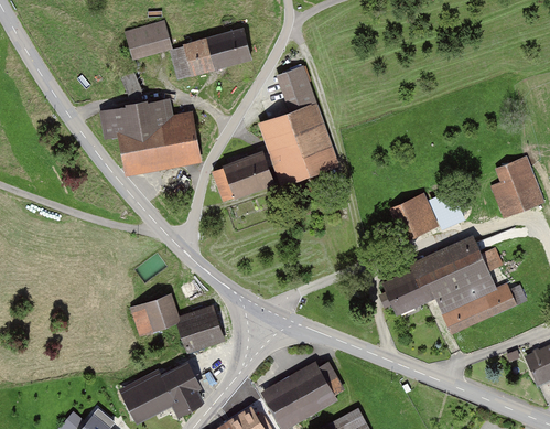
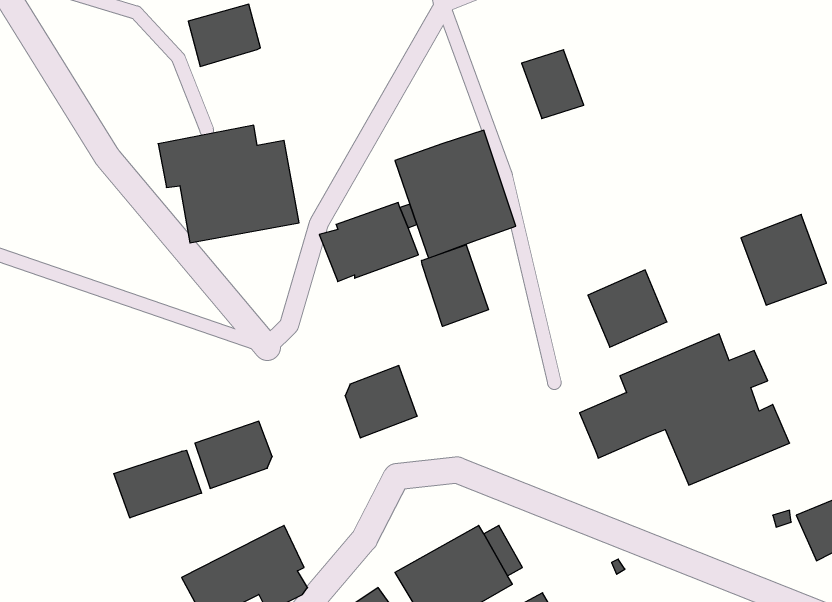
building: [170,26,252,78] -> none
building: [278,66,319,111] -> [522,50,584,119]
building: none -> [422,245,488,326]
building: [176,304,224,352] -> [345,366,417,438]
building: none -> [114,450,202,518]

